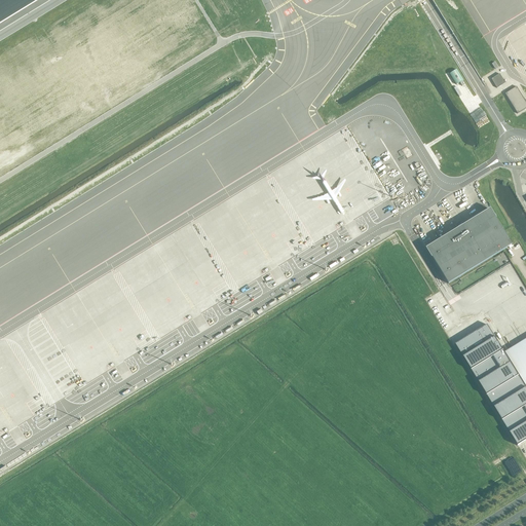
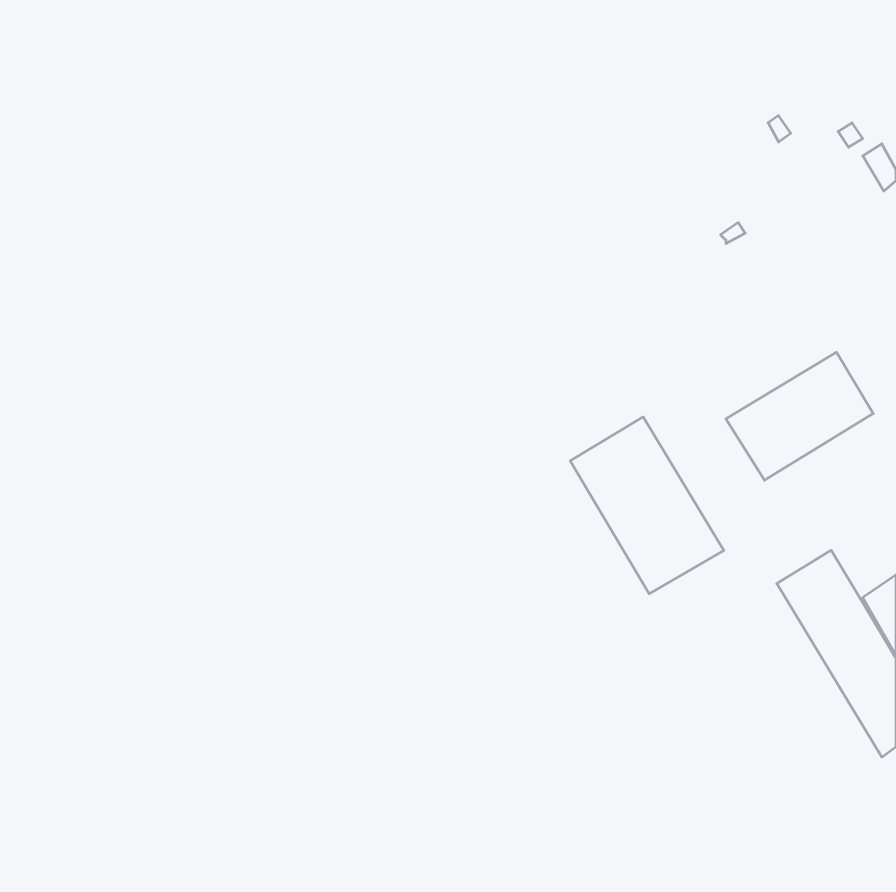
building: none -> [570,417,724,594]

